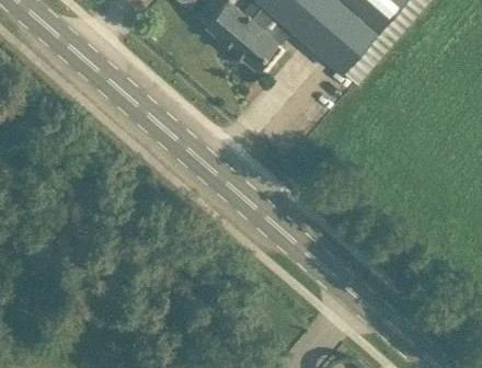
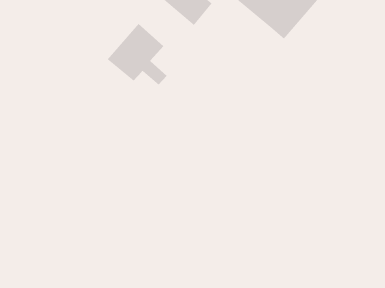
building: none -> [107,23,168,86]

